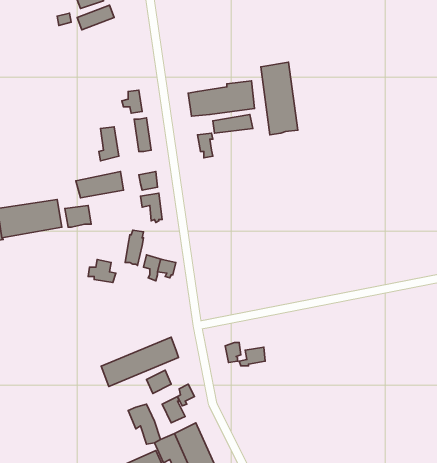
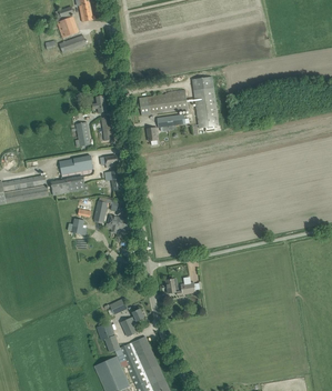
building: [101,337,179,387] -> none

